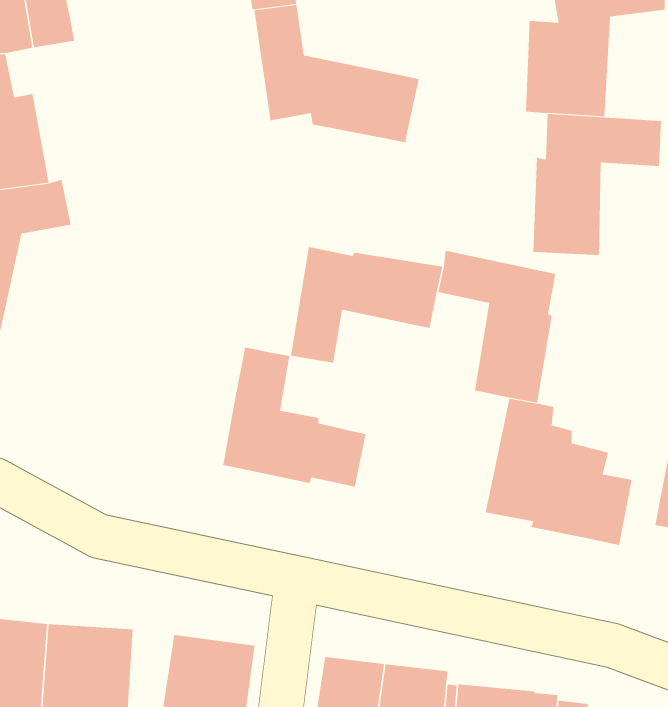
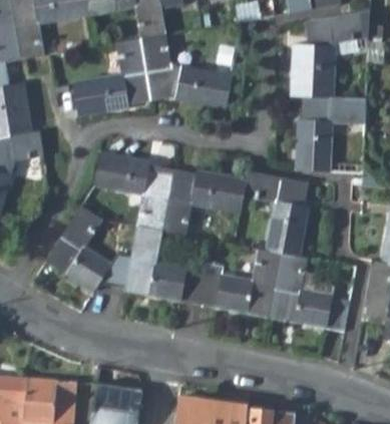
building: none -> [70,39,150,118]
building: none -> [94,153,171,230]
building: none -> [48,203,130,290]
building: none -> [198,239,282,319]

